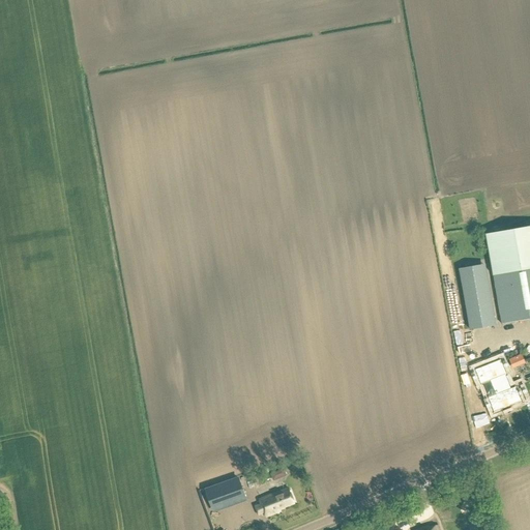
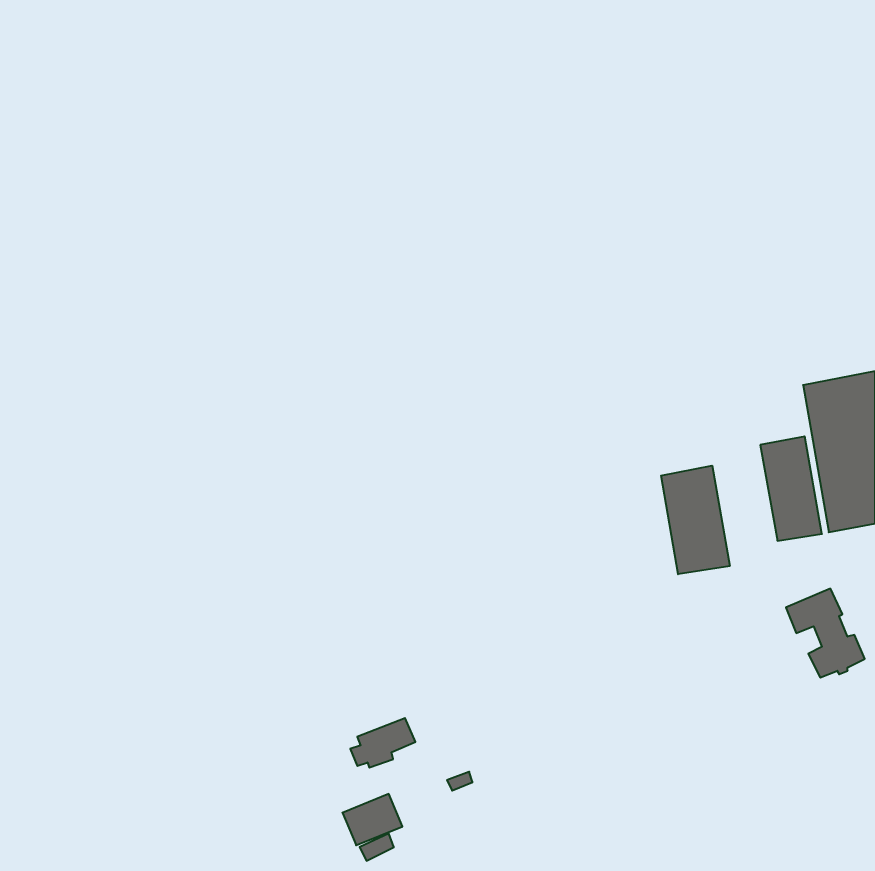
building: none -> [661,466,730,574]
building: [255,485,294,516] -> [350,718,415,768]

